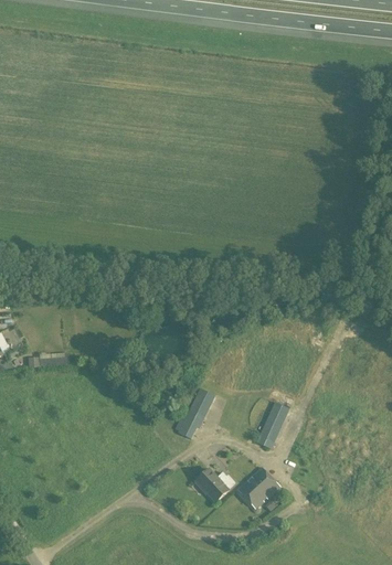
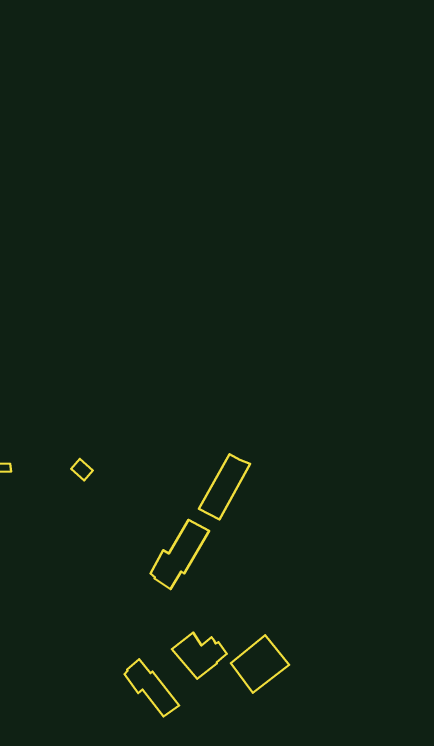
building: [256,401,290,448] -> [199,454,250,520]
building: none -> [125,659,179,717]

